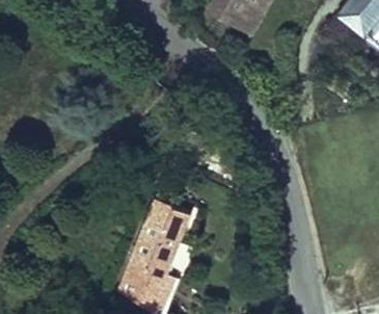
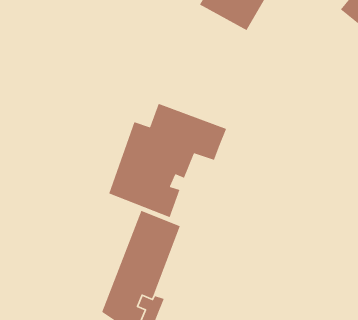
building: none -> [108,103,227,218]

